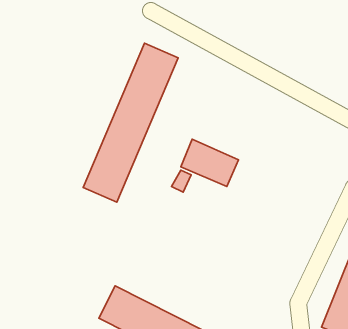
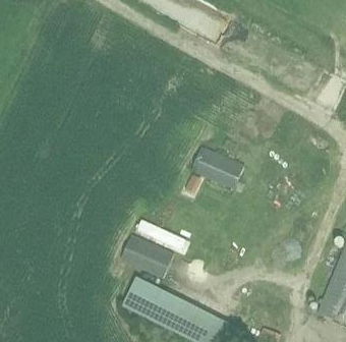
building: [83,43,178,202] -> none
building: none -> [121,234,173,277]

